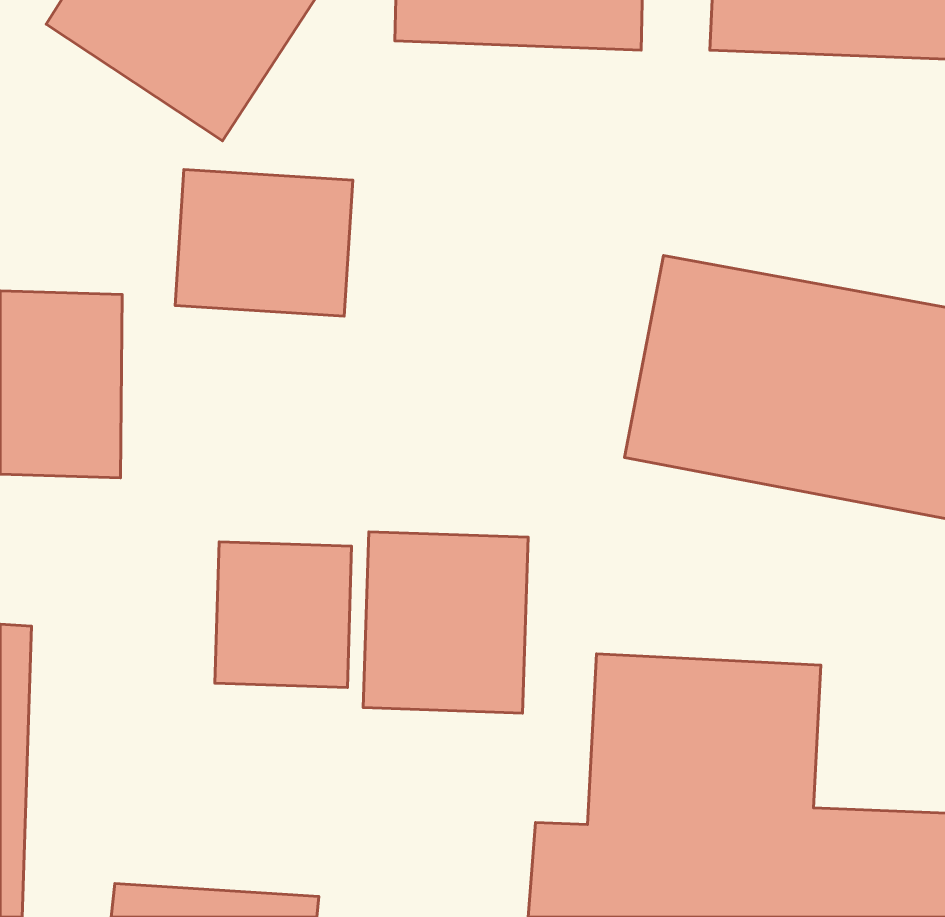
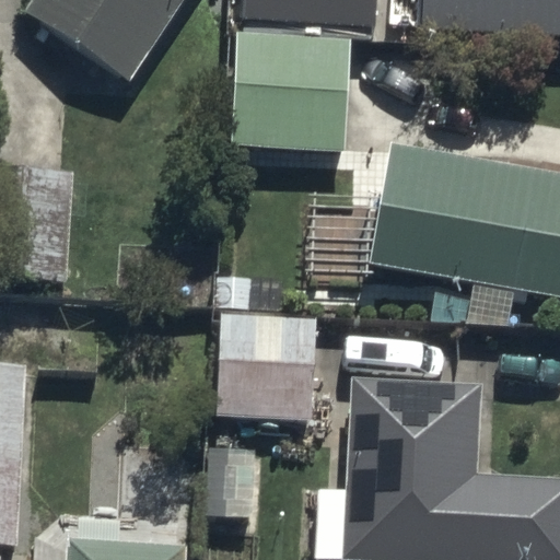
building: none -> [229,35,352,153]
building: [175,170,353,316] -> none
building: [215,542,352,688] -> none

